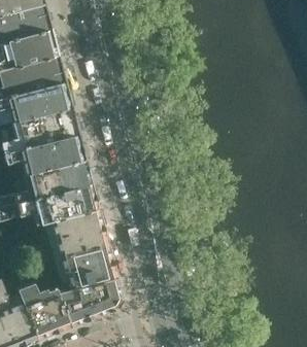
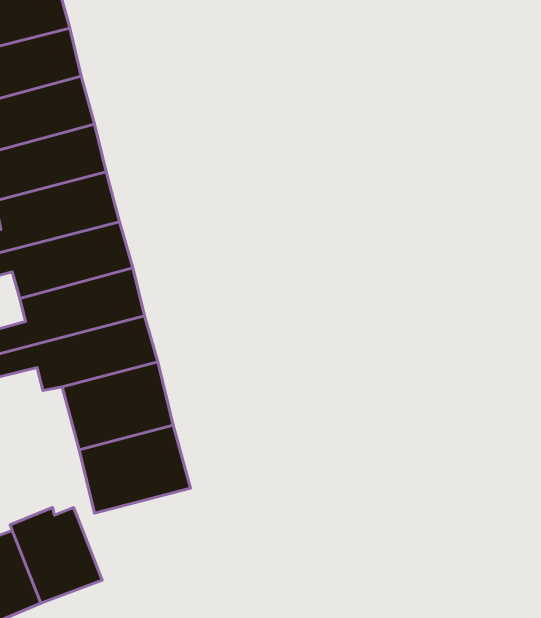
building: [52,276,117,325] -> none

